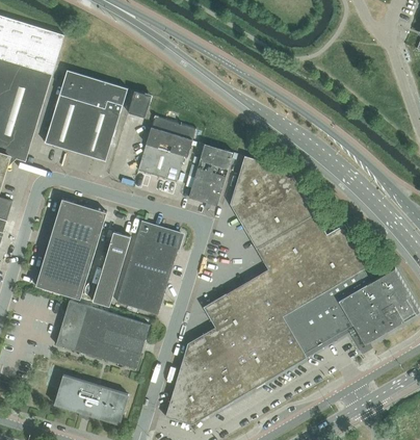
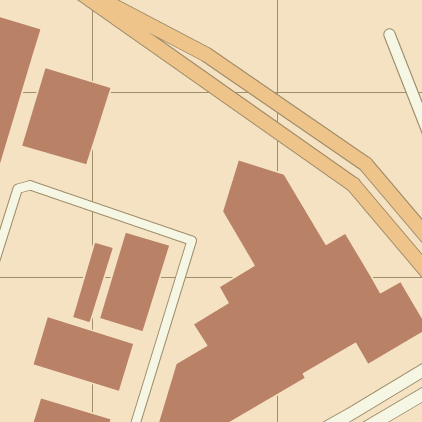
building: [127,92,151,119] -> none
building: [136,115,195,188] -> none
building: [188,145,233,207] -> none
building: [34,199,107,301] -> none

